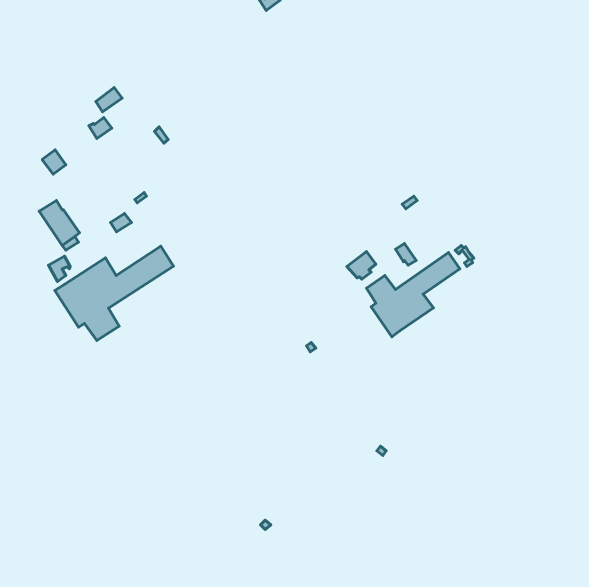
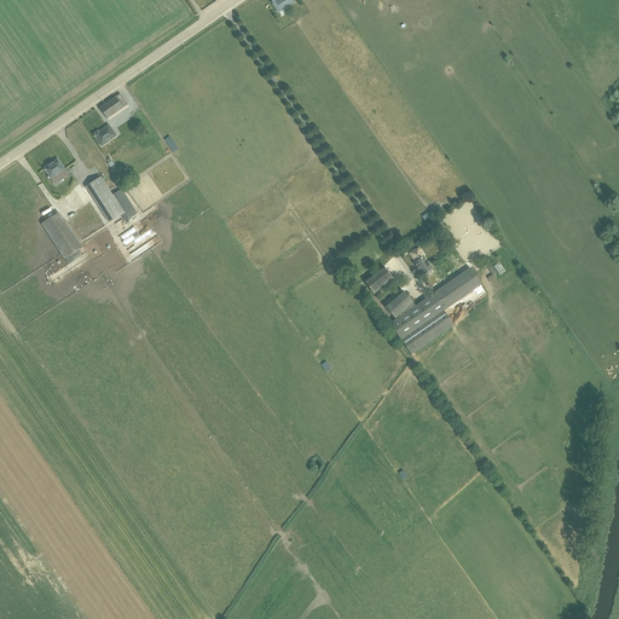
building: none -> [86,174,138,221]
building: [55,246,173,341] -> none

